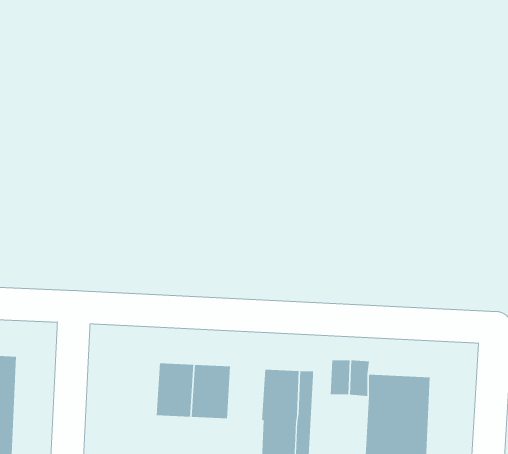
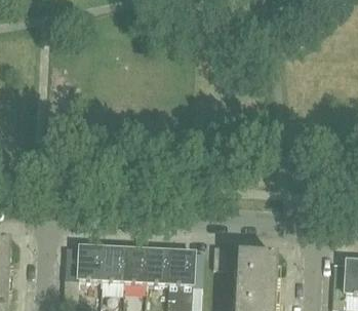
building: none -> [65,245,103,280]
building: none -> [147,248,170,283]

